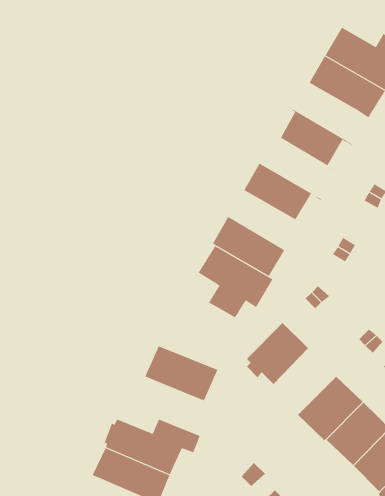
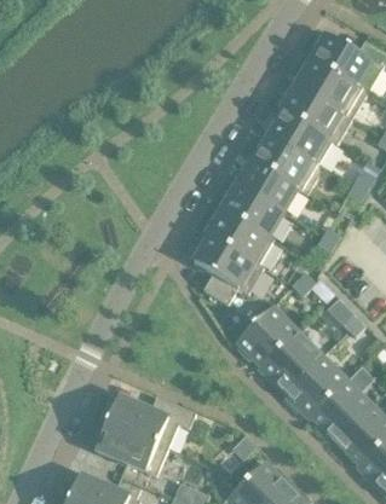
building: none -> [281,85,351,141]
building: none -> [249,135,322,192]
building: none -> [220,184,283,239]
building: [144,345,218,401] -> none
building: none -> [259,330,321,392]

